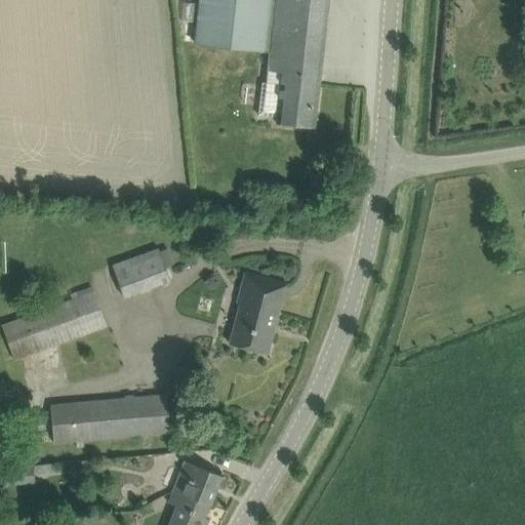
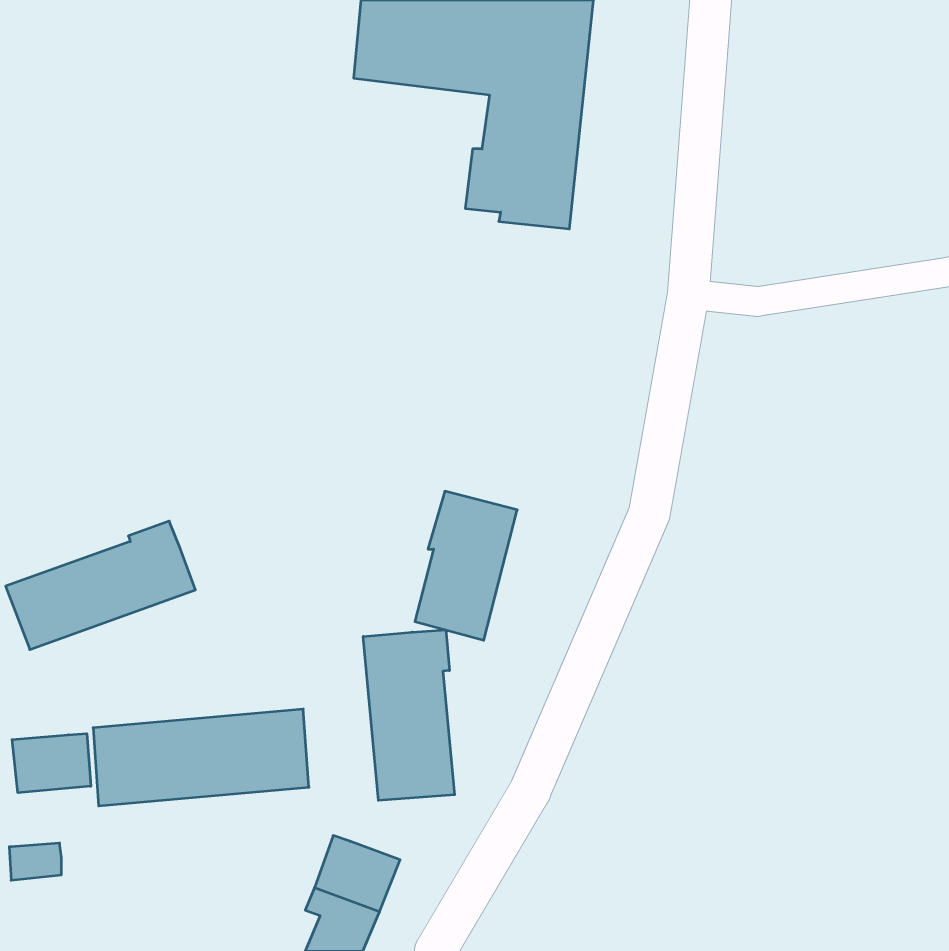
building: [113,246,172,295] -> none
building: none -> [363,630,455,800]
building: none -> [12,734,91,793]

